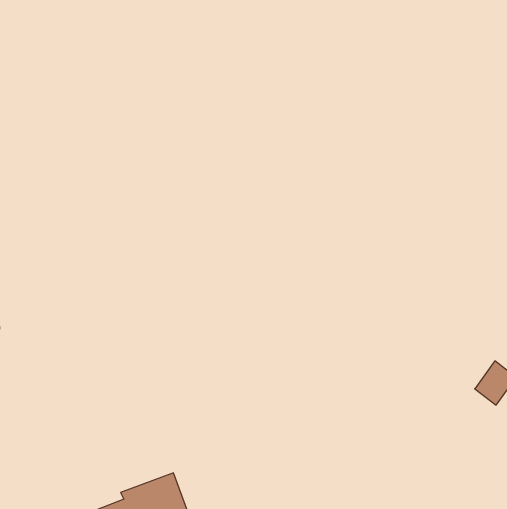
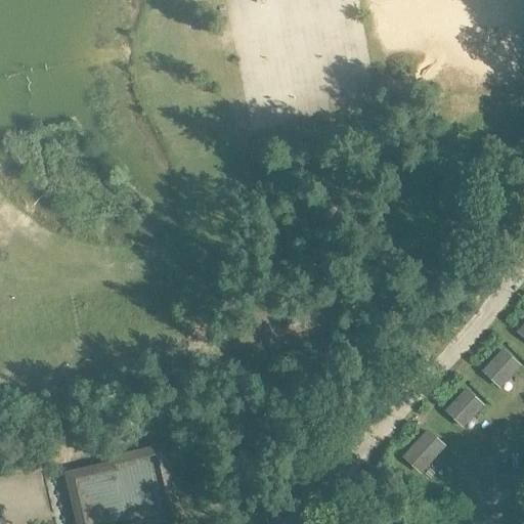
building: none -> [400,428,445,473]

